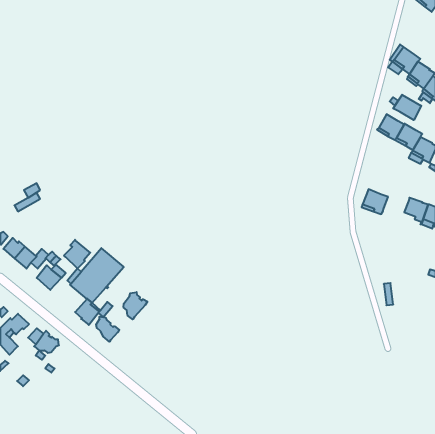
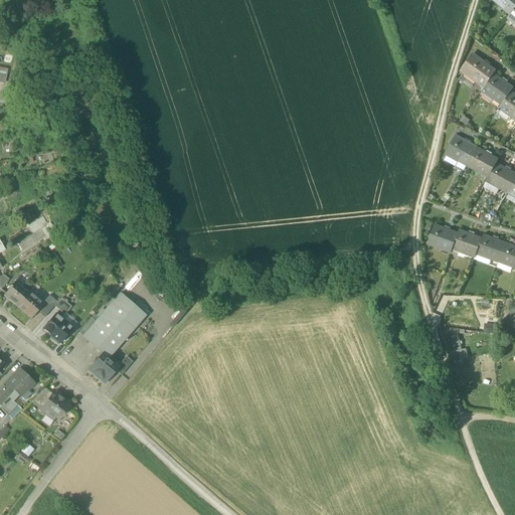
building: [393,95,421,120] -> none
building: none -> [454,228,483,258]
building: [64,240,90,269] -> none
building: [124,292,147,319] -> none
building: [96,317,119,342] -> none

